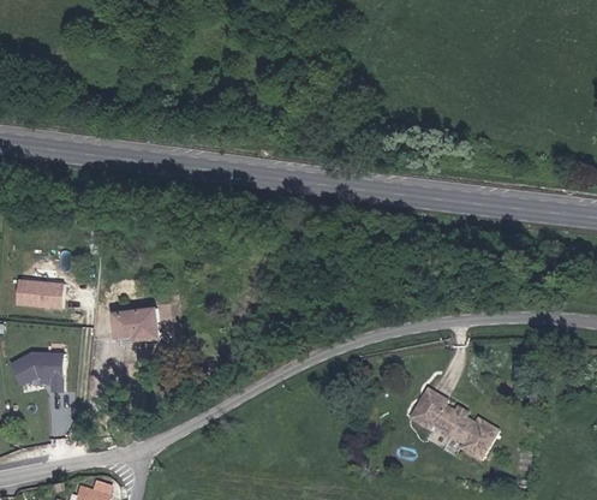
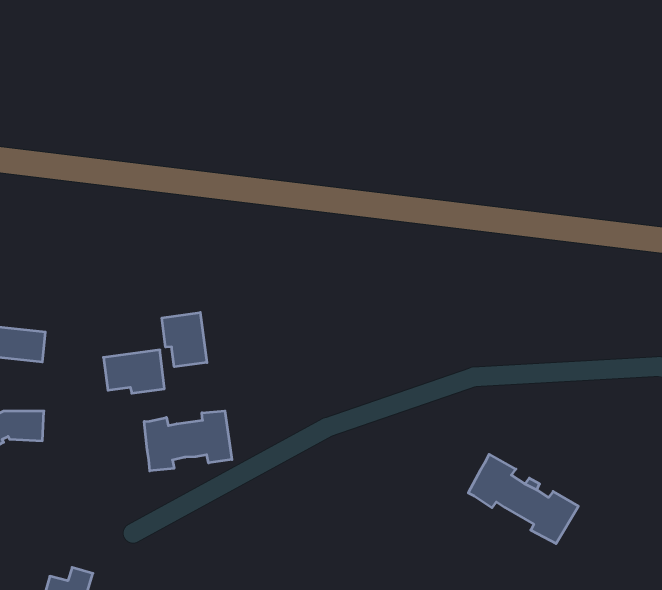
building: none -> [162,312,207,367]
building: none -> [144,411,232,471]

